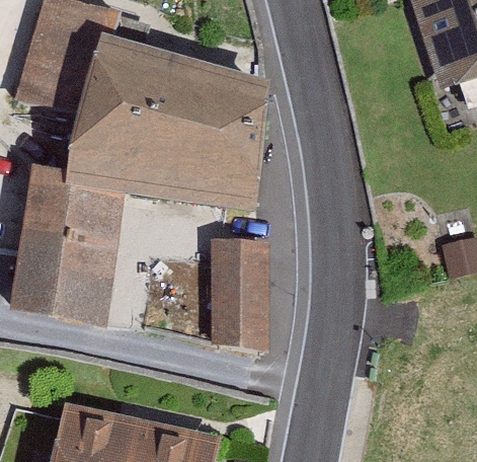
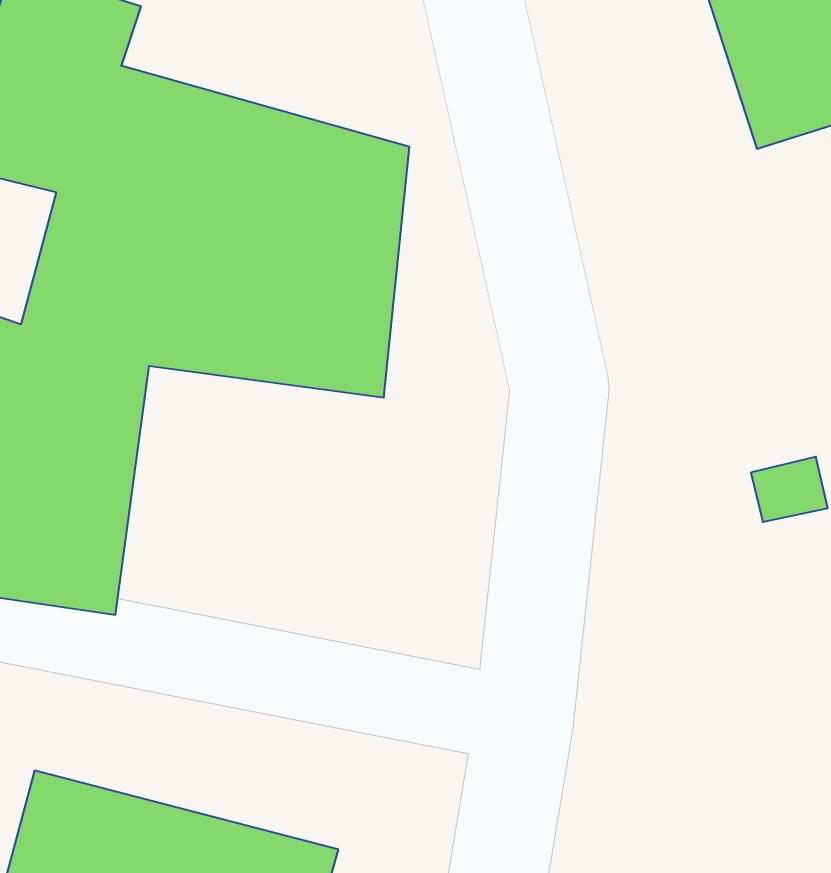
building: [210,232,266,340] -> none

